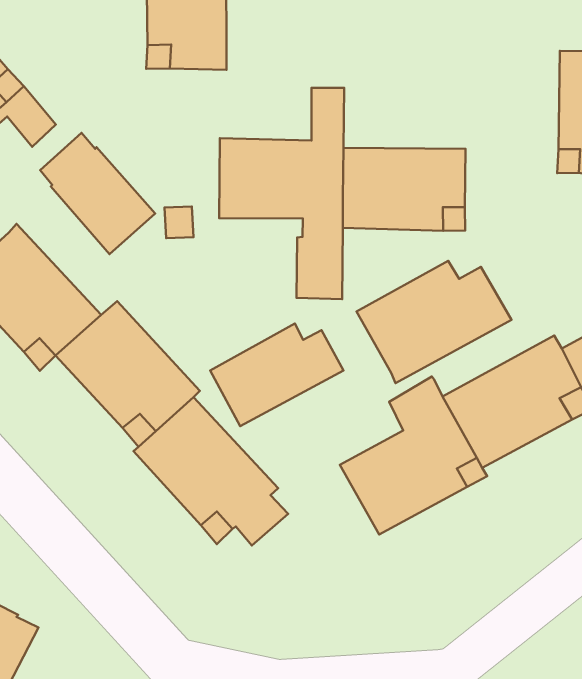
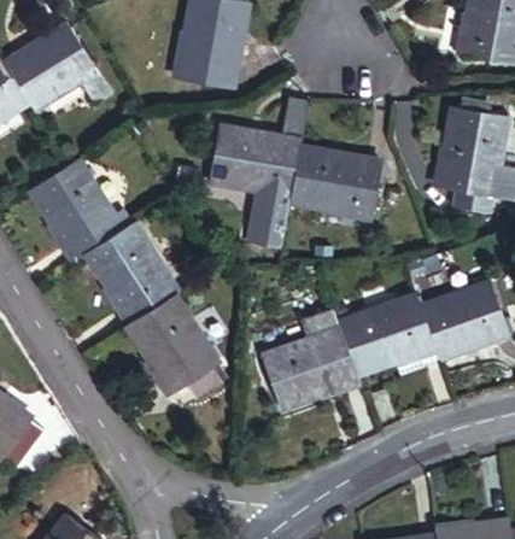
building: [40,133,155,254] -> none
building: [357,261,512,383] -> none
building: [210,323,344,426] -> none

